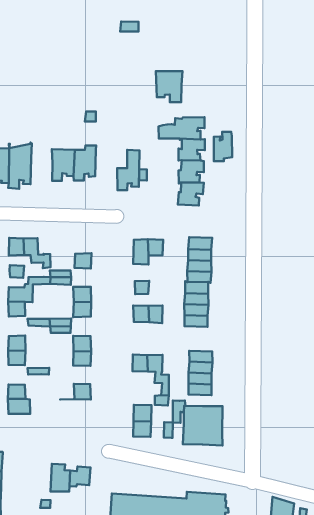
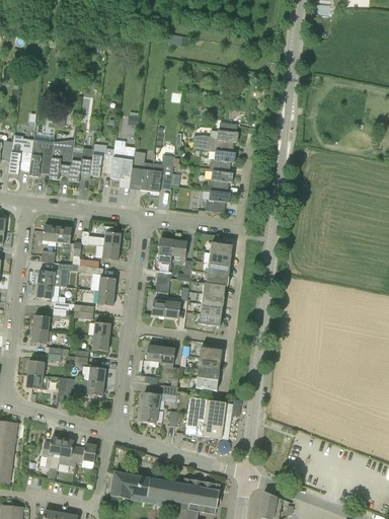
building: [156,71,182,102] -> none
building: [214,132,232,161] -> none
building: none -> [130,151,152,191]
building: none -> [69,152,92,181]
building: none -> [81,225,121,246]
building: none -> [65,377,104,396]
building: none -> [43,436,62,468]

